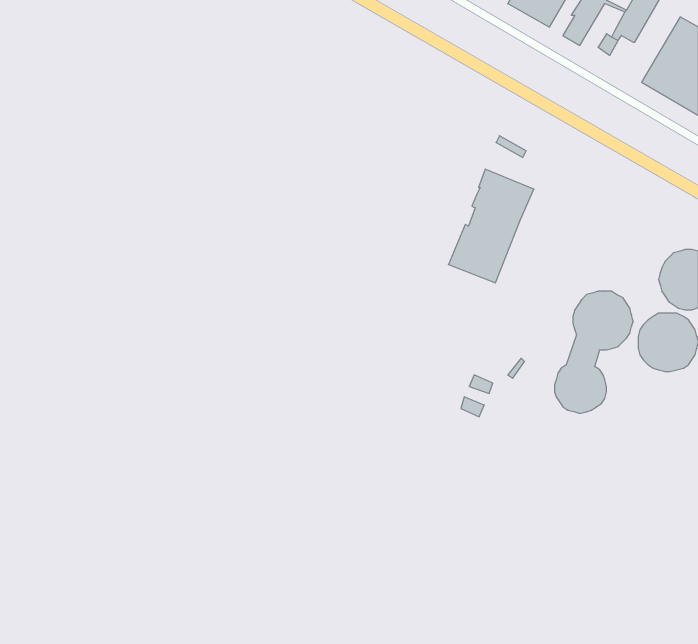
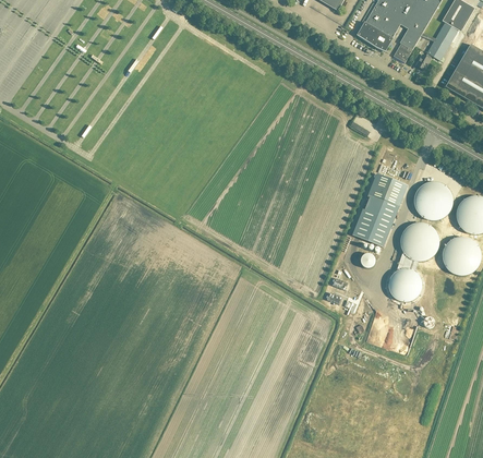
building: [448,169,534,283] -> [352,172,408,246]
building: none -> [413,181,452,219]

